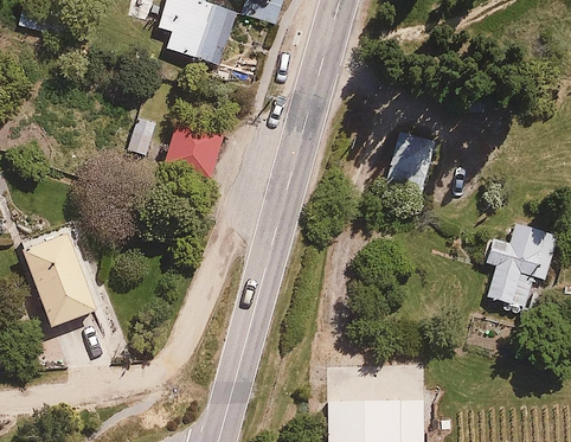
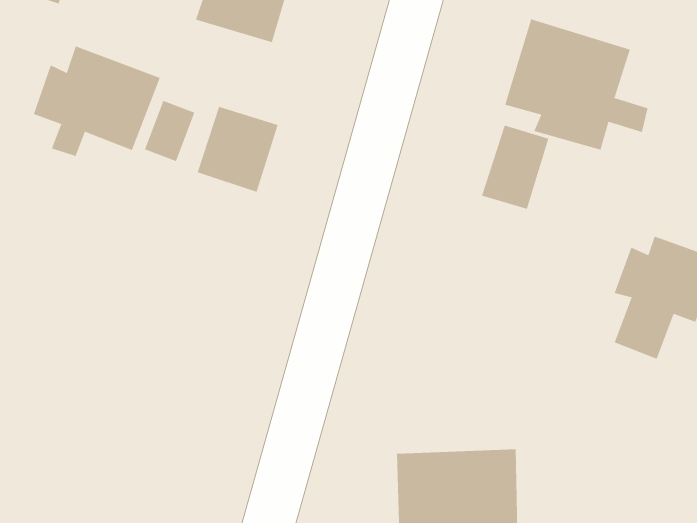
building: none -> [505,19,648,151]
building: none -> [33,46,160,157]
building: [21,228,101,326] -> none

